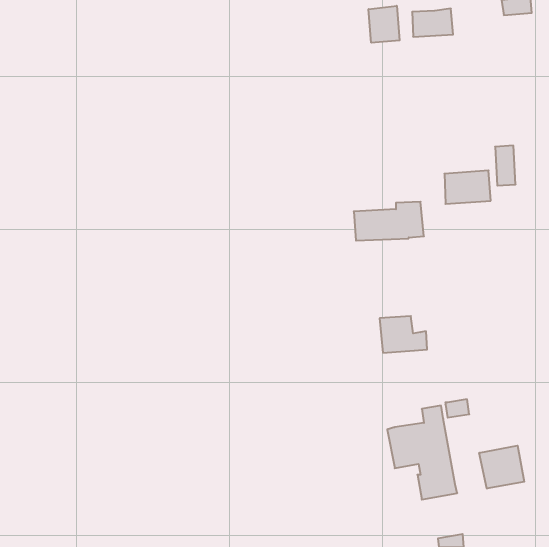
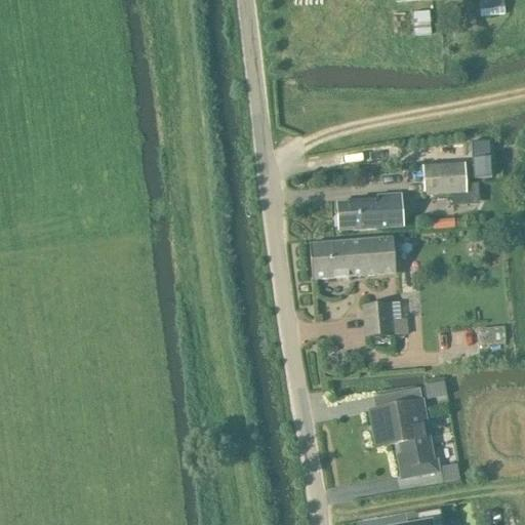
building: [369,6,400,43] -> none
building: none -> [311,235,397,278]
building: [479,446,524,489] -> none

